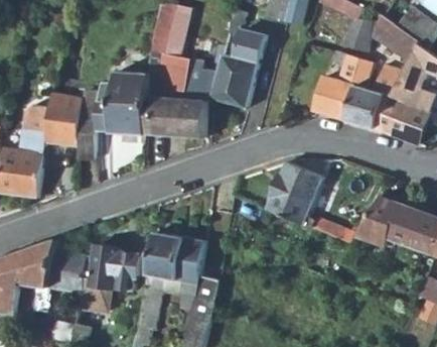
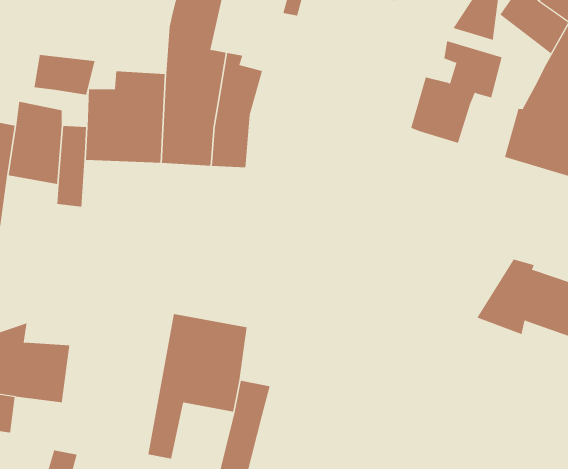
building: [210,28,266,107] -> none
building: none -> [34,54,95,96]
building: [344,62,402,128] -> none
building: [268,162,357,242] -> none
building: [79,245,141,312] -> none

